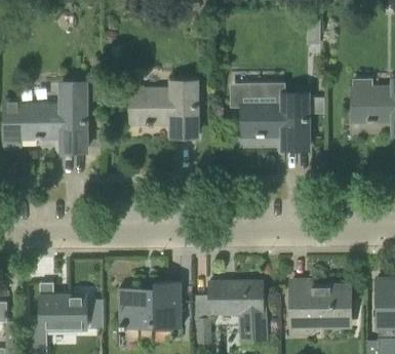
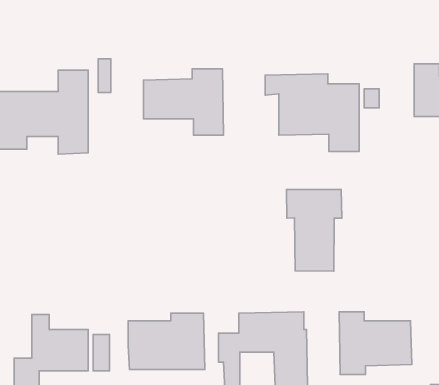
building: none -> [286,190,342,271]

